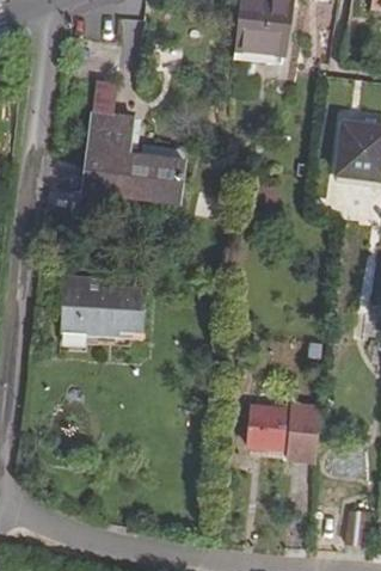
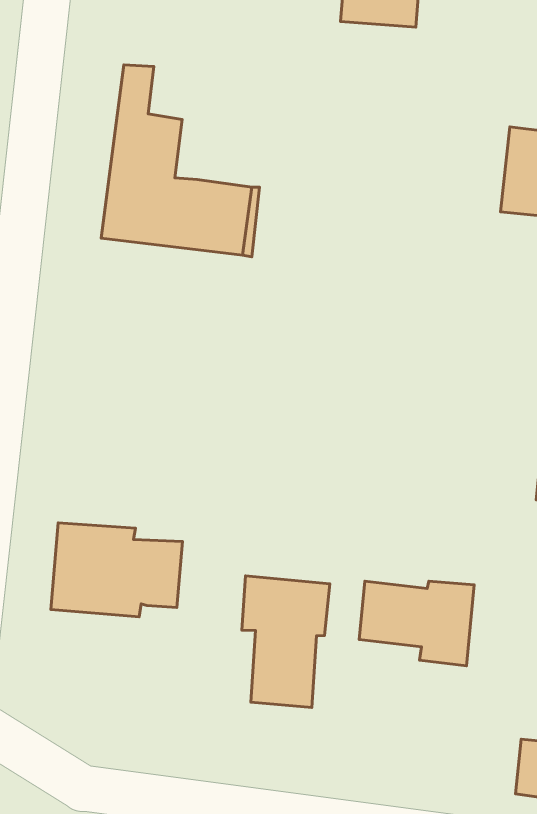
building: [62,276,146,336] -> [51,523,183,617]
building: none -> [242,576,330,707]

